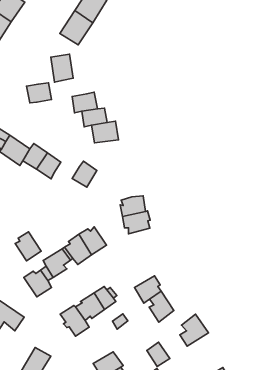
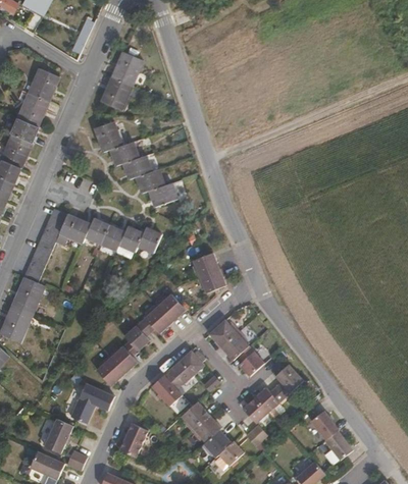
building: [27,83,52,103] -> [110,143,138,166]
building: none -> [118,226,143,252]
building: [15,232,41,261] -> [95,355,122,384]
building: none -> [207,319,238,346]
building: none -> [253,385,283,411]
building: none -> [181,399,209,429]

